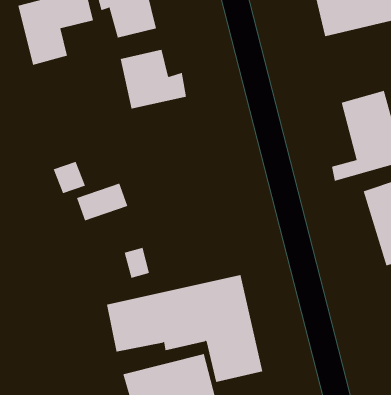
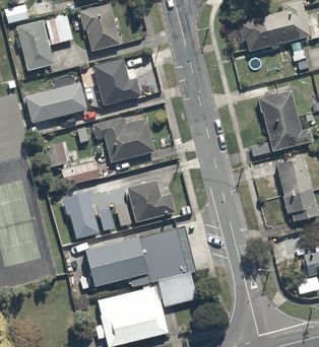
building: none -> [25,74,88,123]
building: none -> [93,118,155,162]
building: none -> [115,181,178,226]
building: none -> [62,191,98,240]

